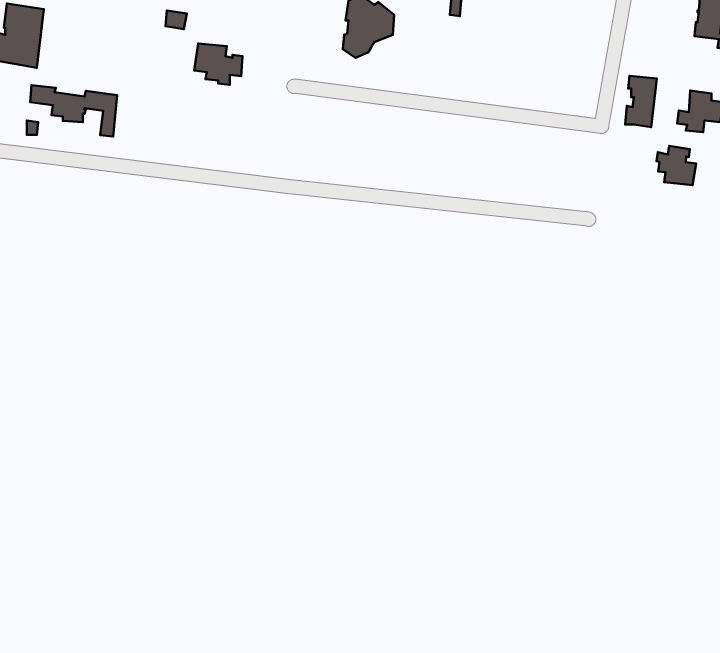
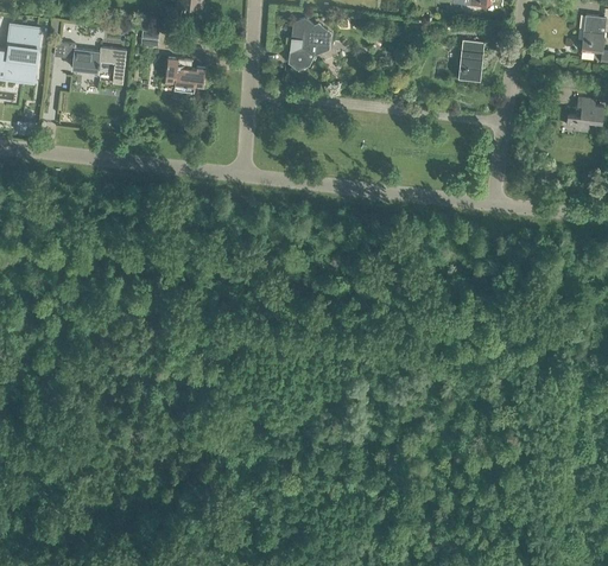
building: [625,76,657,127] -> [457,40,483,83]
building: [30,85,117,137] -> [53,42,126,84]
building: [657,146,696,185] -> none

